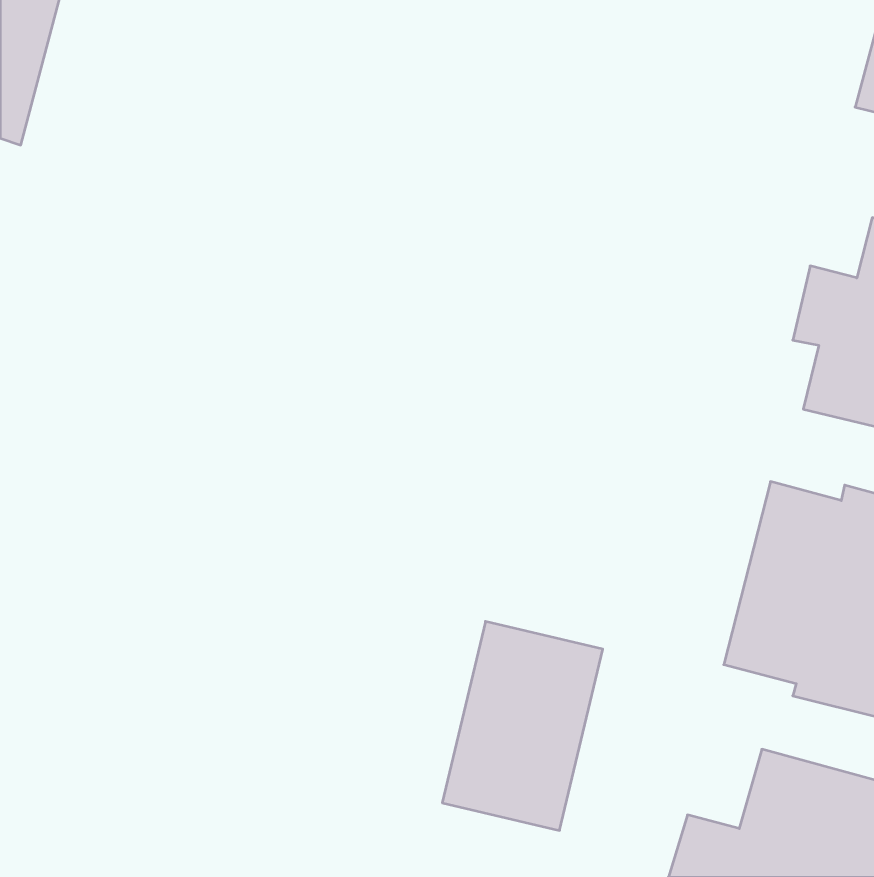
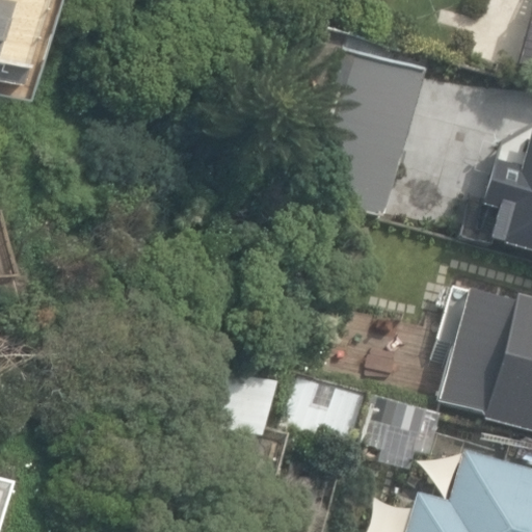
building: none -> [305,46,428,214]

